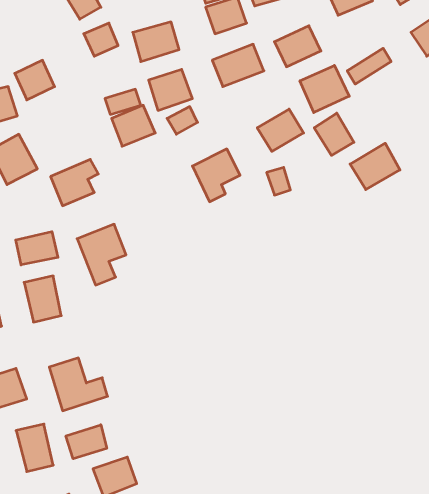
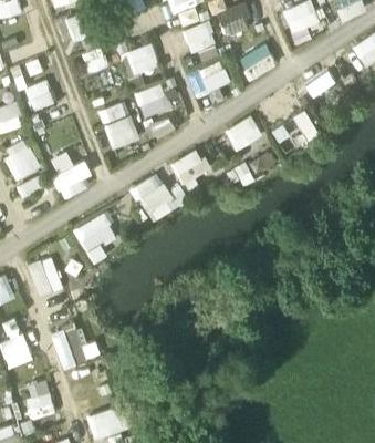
building: [300,65,349,113] -> none
building: [350,143,400,190] -> none
building: none -> [131,172,173,223]
building: [16,232,58,265] -> none
building: [66,425,107,459] -> none

